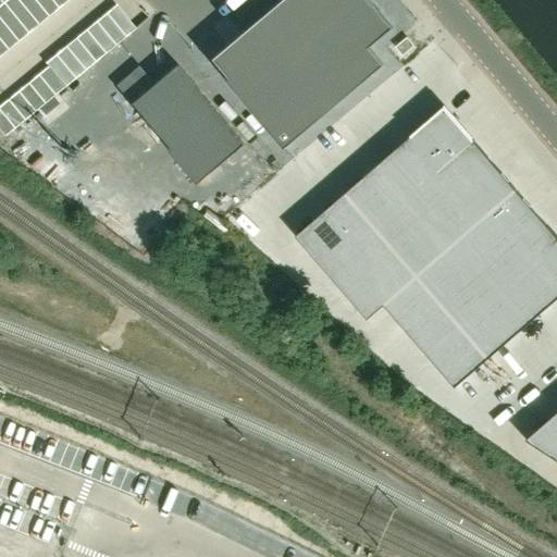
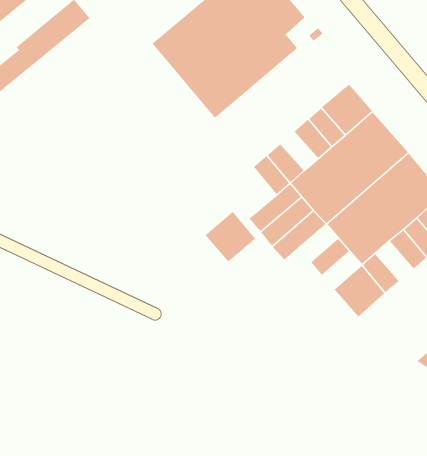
building: [114,63,245,184] -> none
building: [362,164,408,211] -> none
building: [296,207,358,269] -> [205,211,256,263]
building: [384,275,432,321] -> none
building: [476,296,522,344] -> none
building: [412,308,460,354] -> none

